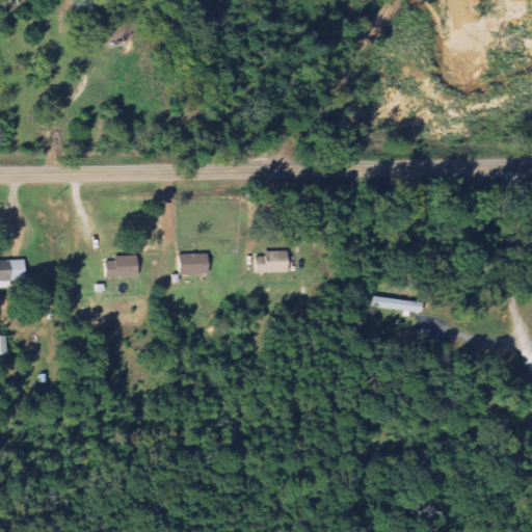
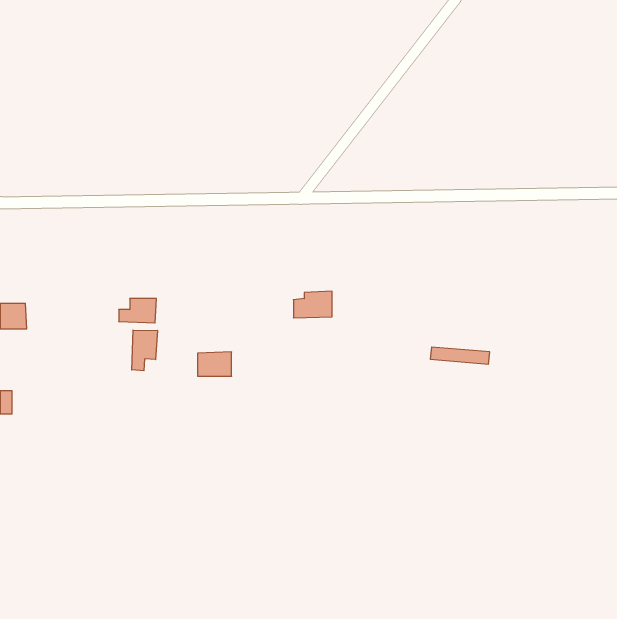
building: [177,254,206,274] -> [198,352,232,376]
building: none -> [132,330,157,371]

